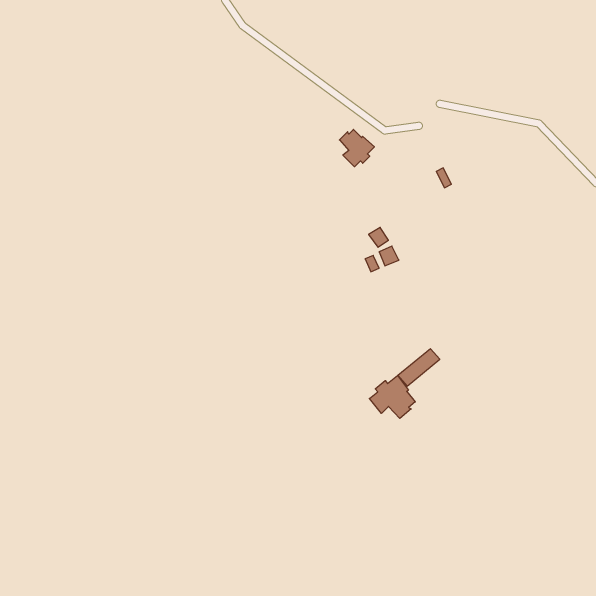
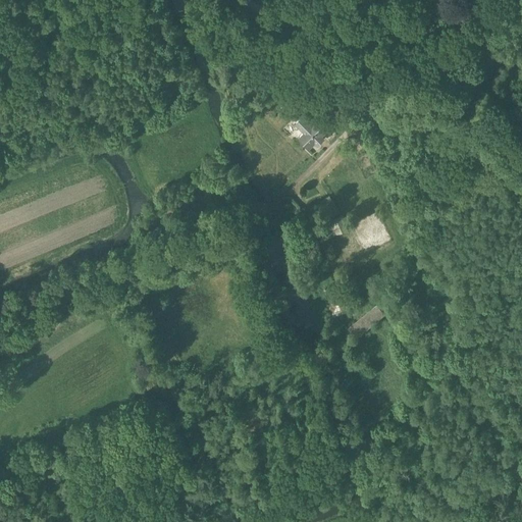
building: [369,375,415,418] -> none

